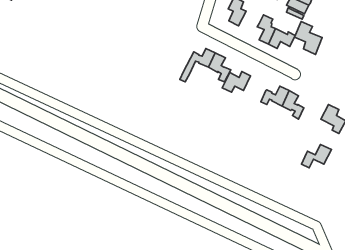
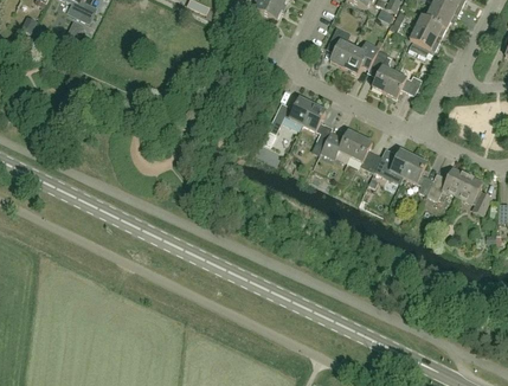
building: none -> [342,40,379,73]
building: [294,22,322,54] -> none
building: none -> [349,135,380,172]
building: [301,144,332,168] -> [425,167,467,199]

